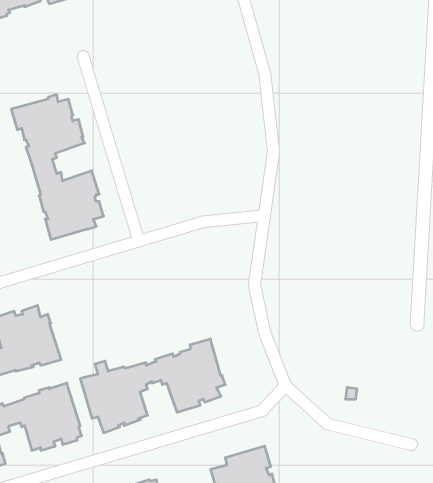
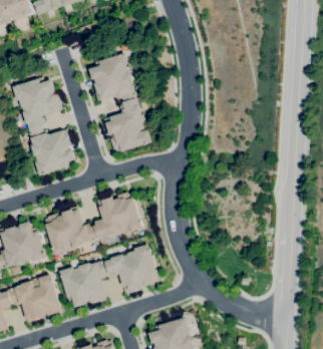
building: none -> [89,53,152,152]
building: none -> [44,193,142,255]

